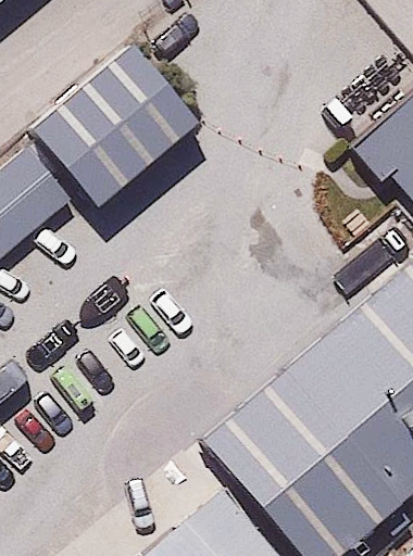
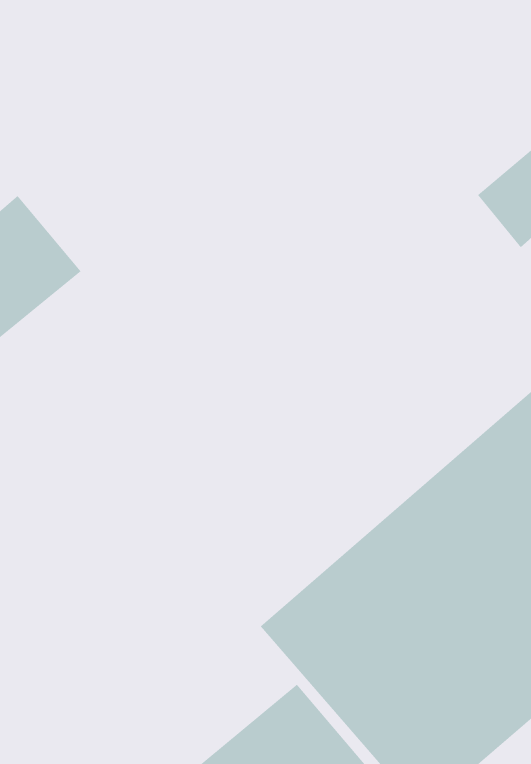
building: [24,46,190,208] -> none

